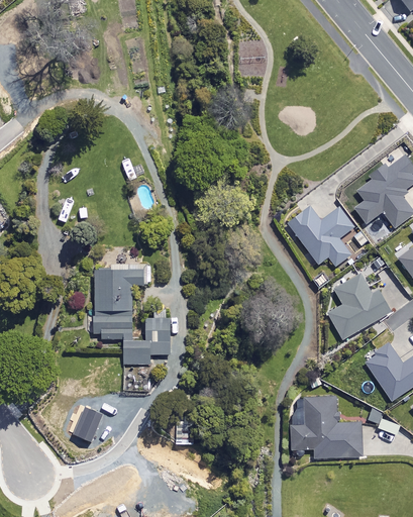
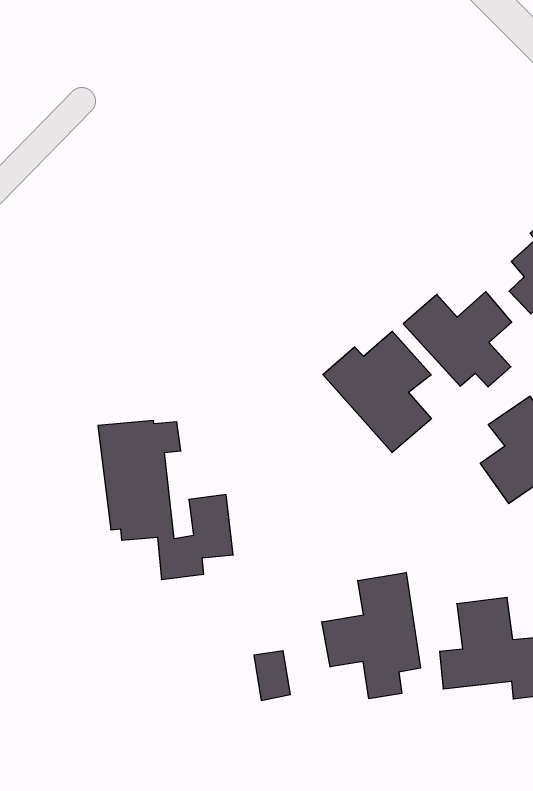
building: none -> [323,331,431,453]
building: none -> [322,572,420,699]
building: [74,408,103,442] -> none

